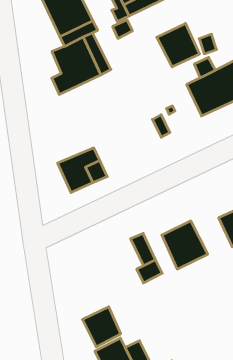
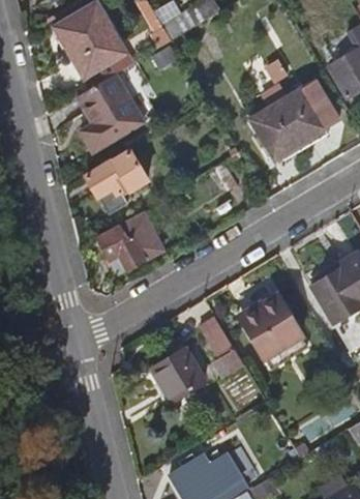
building: [157,23,199,67] -> none
building: none -> [87,152,146,214]
building: [82,307,121,347] -> [152,346,203,399]

